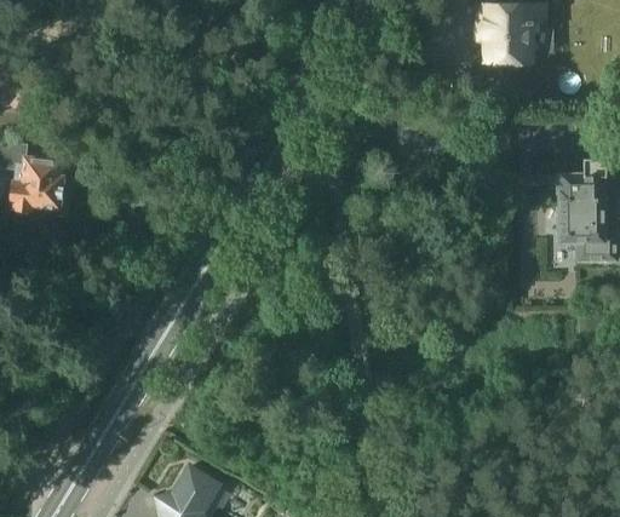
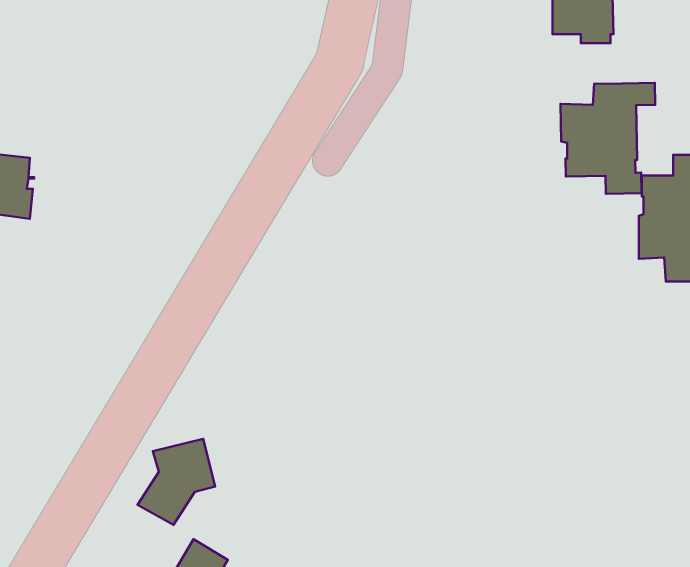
building: none -> [561,83,655,194]
building: none -> [138,439,215,525]

